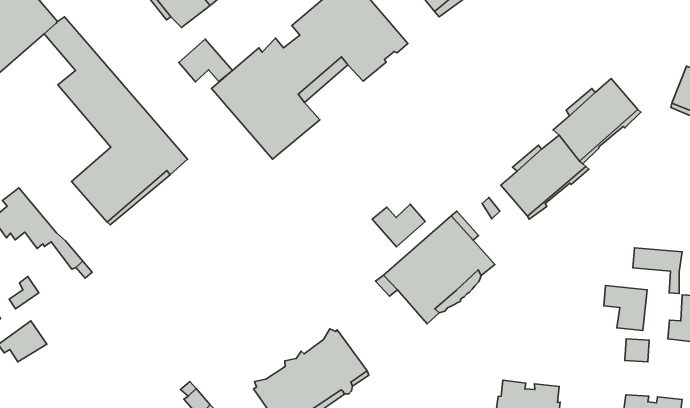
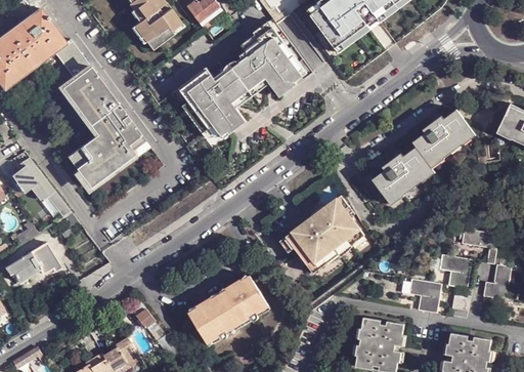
building: [179,39,233,82] -> none
building: [372,204,425,247] -> none
building: none -> [30,242,61,274]
building: none -> [408,280,441,313]

